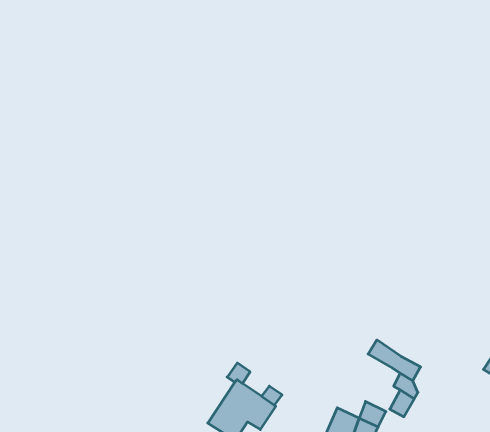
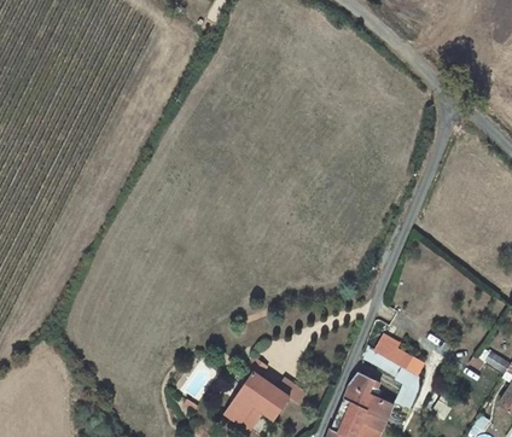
building: none -> [347,373,373,410]

